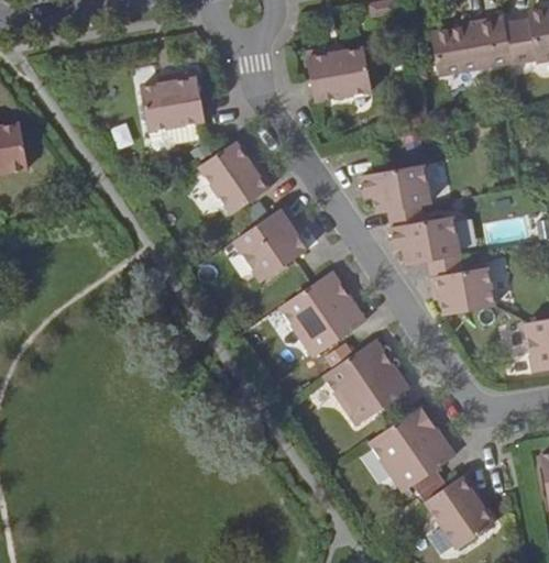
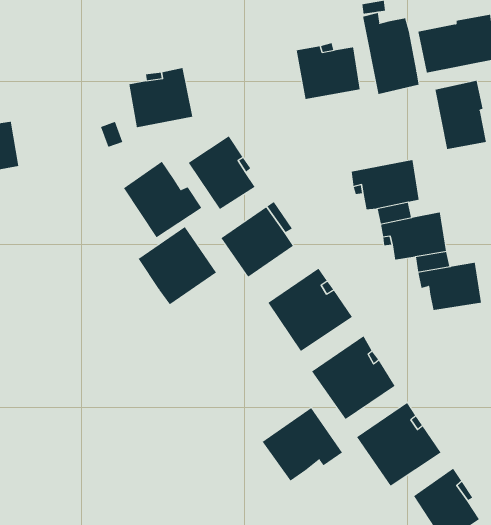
building: none -> [363,12,419,95]
building: none -> [435,80,486,150]
building: none -> [123,161,202,238]
building: none -> [138,226,217,305]
building: none -> [262,407,343,482]

